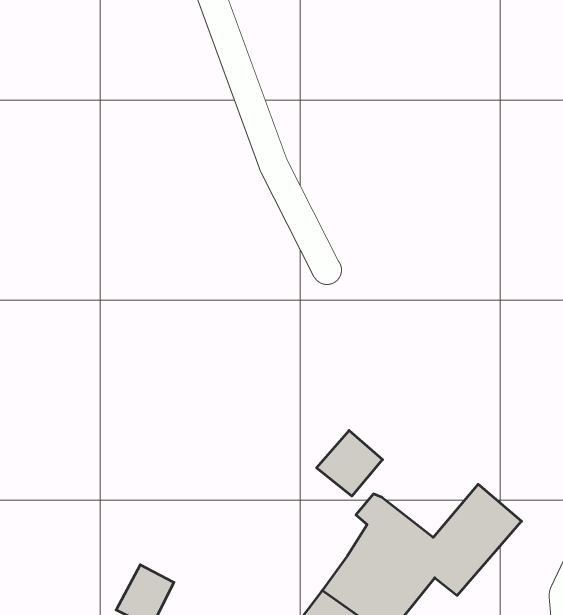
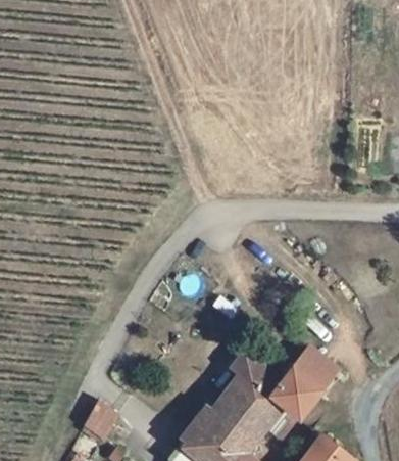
building: [317,430,383,496] -> none

